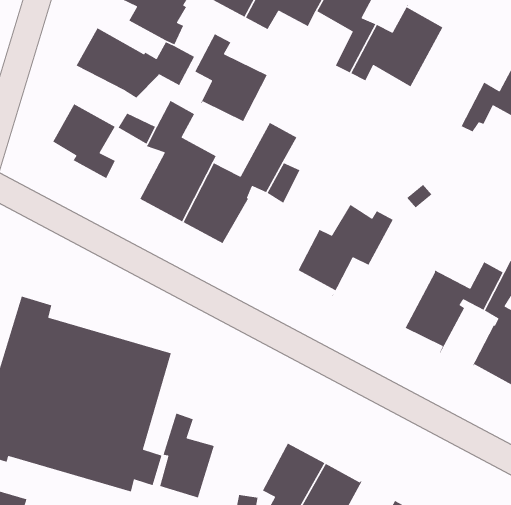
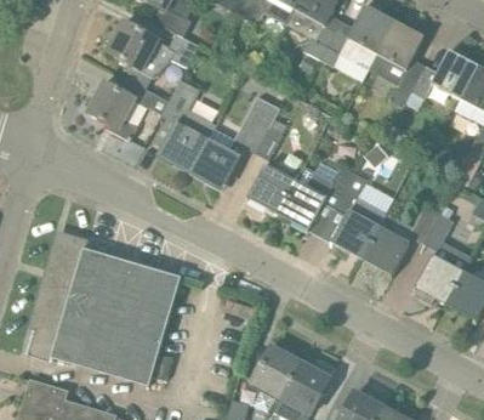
building: none -> [369,22,426,107]
building: [194,33,268,122] -> none
building: none -> [247,164,297,212]
building: none -> [330,172,387,257]
building: [159,412,215,498] -> none

